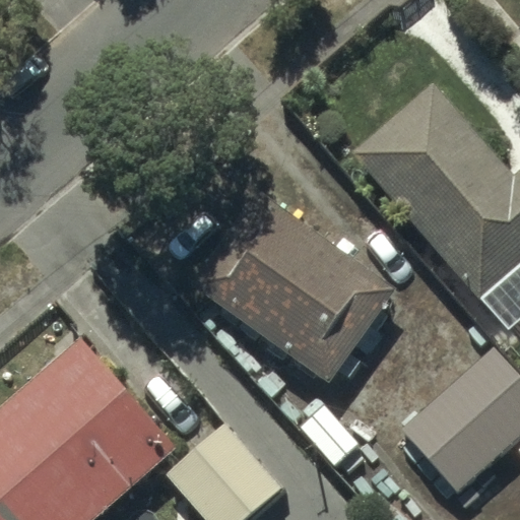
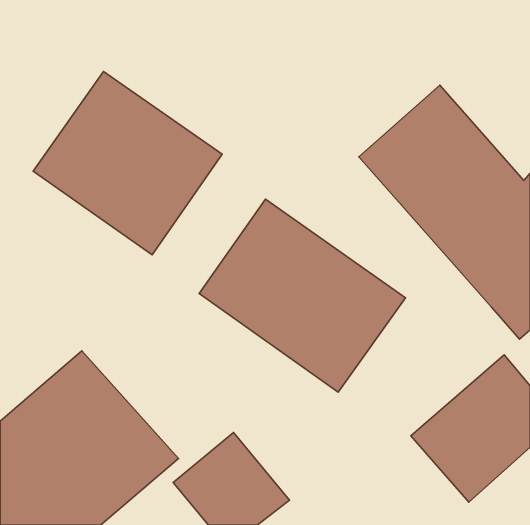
building: none -> [33,71,222,255]

